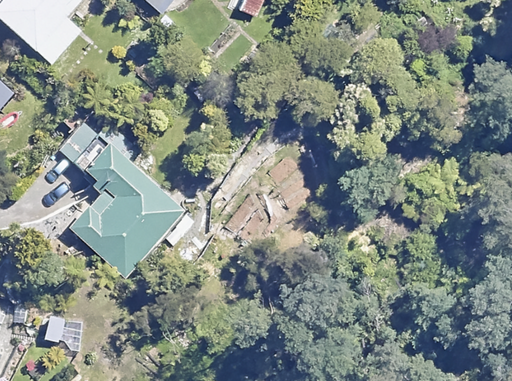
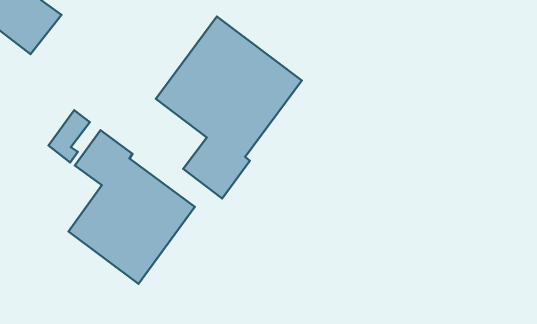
building: none -> [156,16,302,198]

